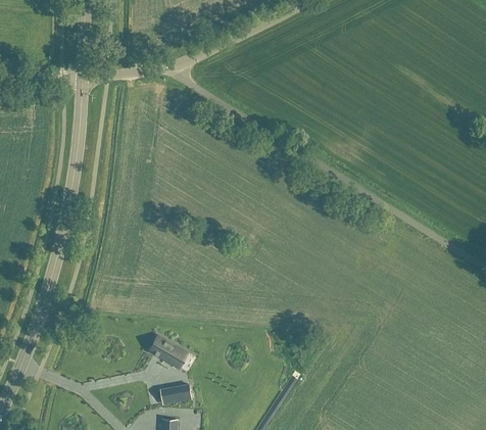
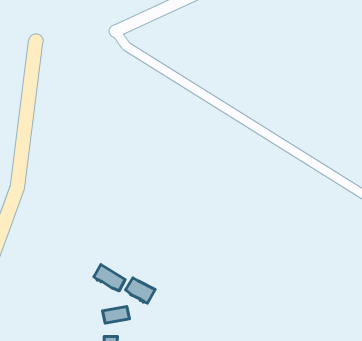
building: none -> [126,278,155,303]

